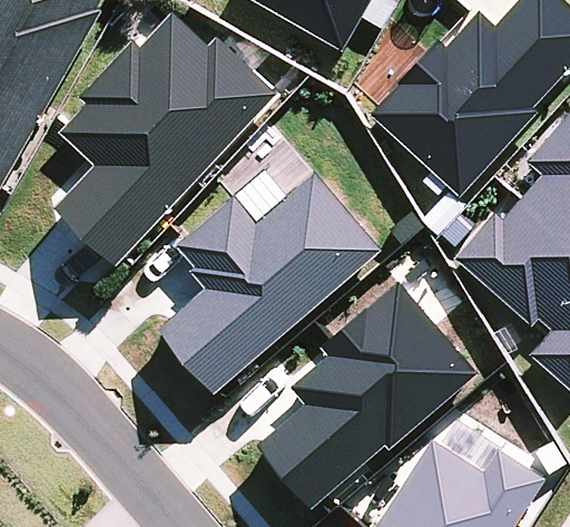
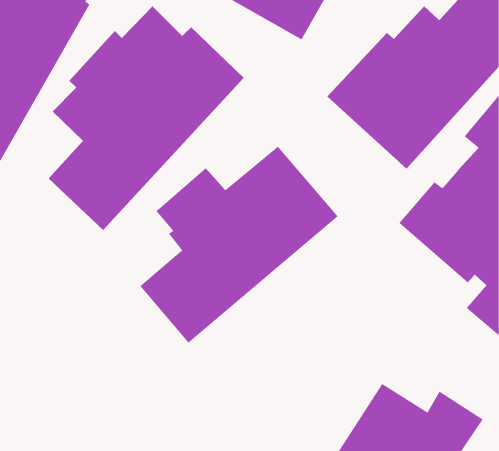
building: [258,281,479,507] -> none

